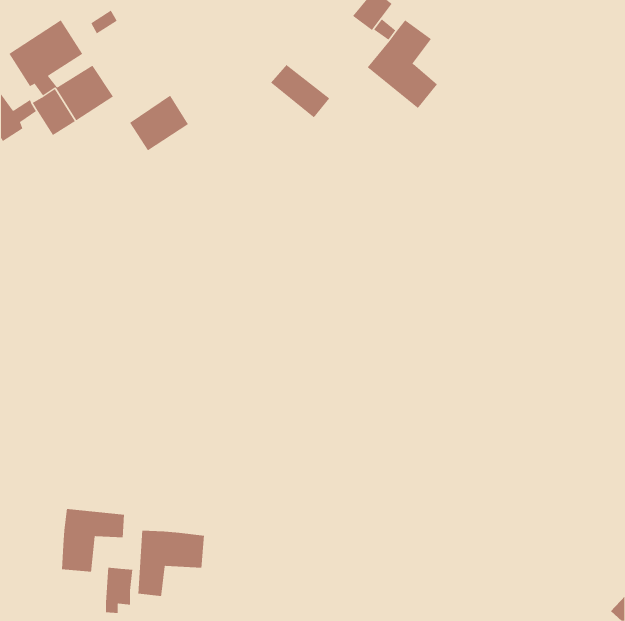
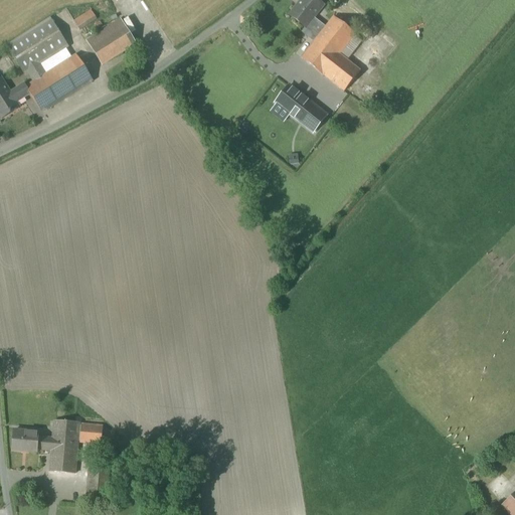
building: [270,64,330,118] -> [276,85,325,130]
building: [129,95,189,151] -> [85,18,135,64]
building: none -> [12,427,52,449]
building: [138,530,205,597] -> none

